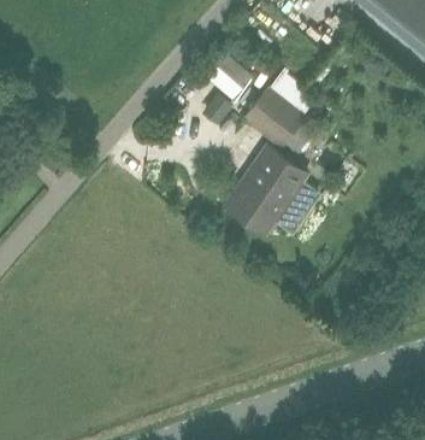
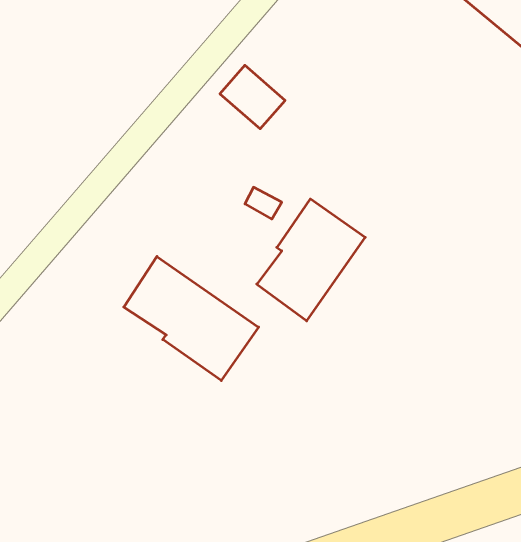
building: [247,93,303,147] -> none
building: none -> [124,256,259,381]

